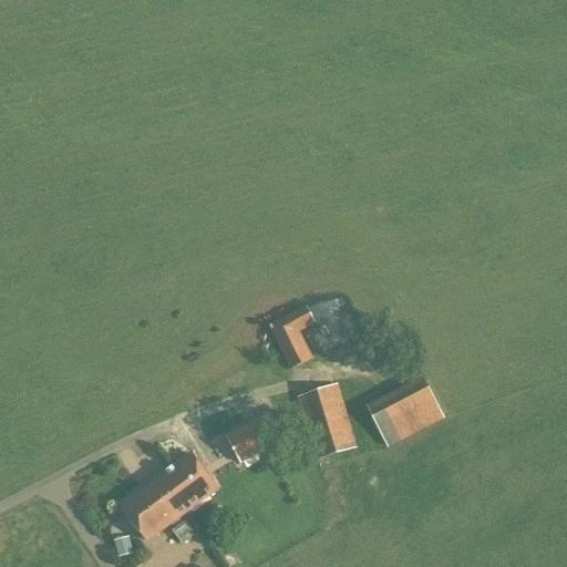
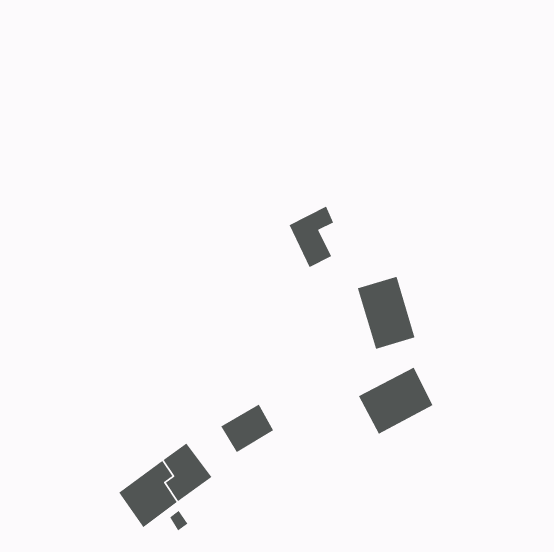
building: [269,305,316,369] -> [289,205,334,268]
building: [297,383,357,458] -> [357,276,415,350]

